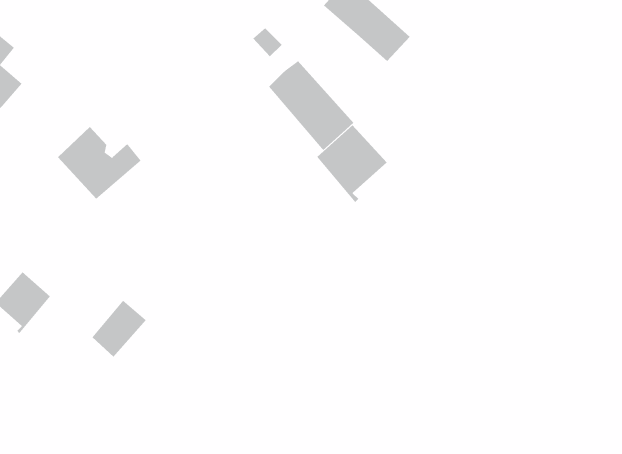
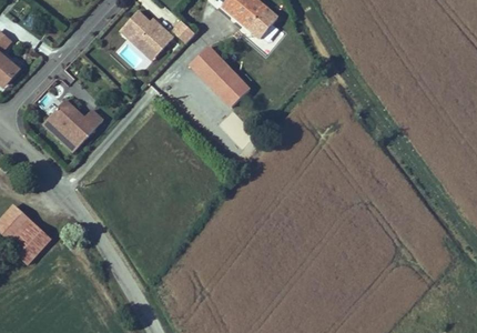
building: none -> [129,14,181,58]
building: [316,124,387,203] -> none
building: [92,300,146,358] -> [17,219,55,260]

